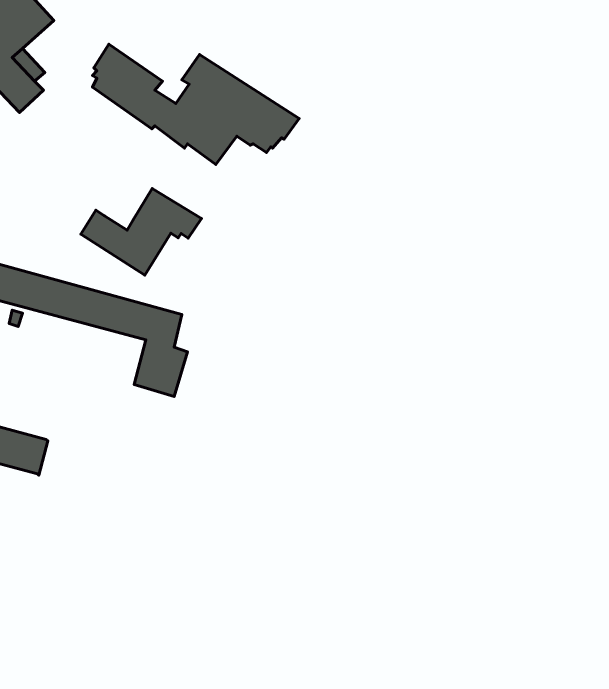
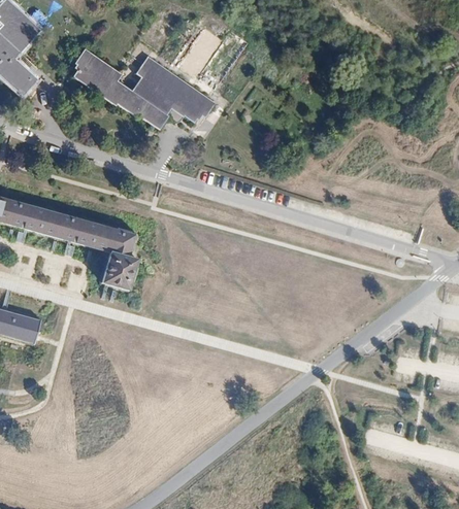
building: [81,188,202,275] -> none

